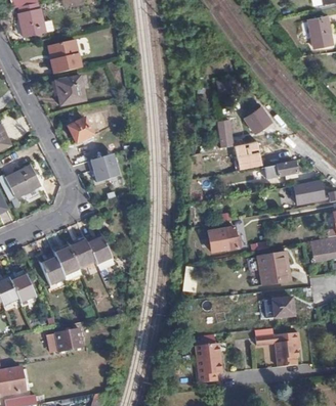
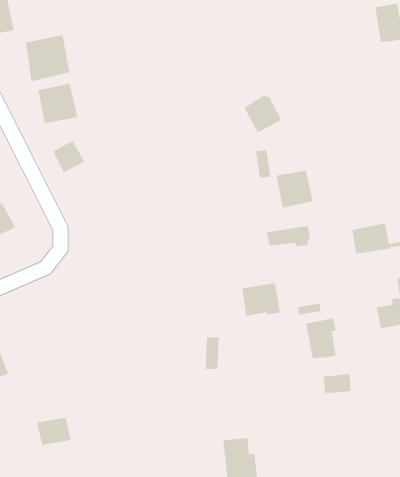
building: [244,102,272,131] -> [244,95,282,133]
building: [88,155,120,184] -> none
building: [263,163,297,179] -> [266,225,311,247]
building: [39,234,112,284] -> none
building: [256,330,300,365] -> none

